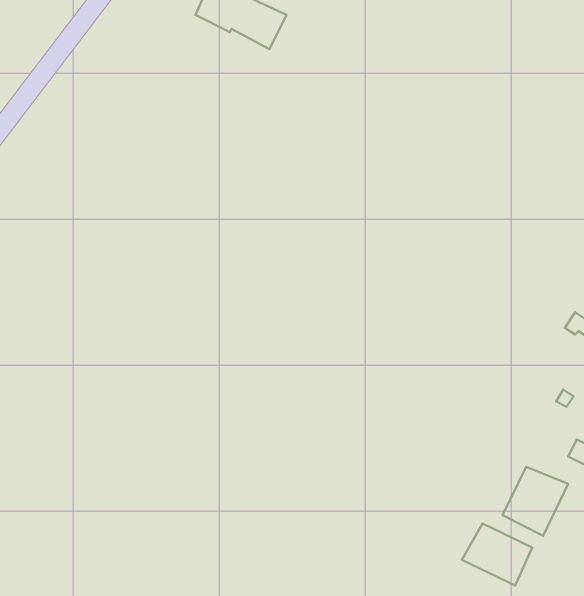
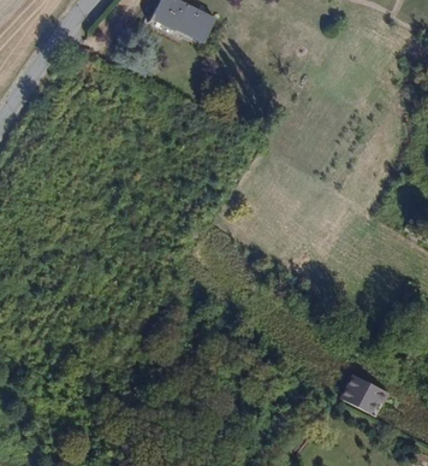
building: [503,467,568,536] -> none

